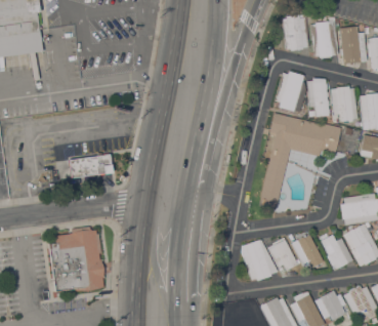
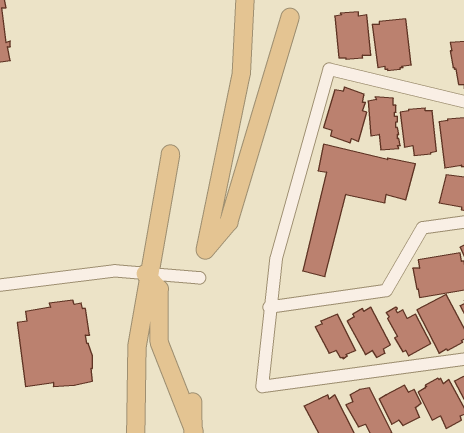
building: [339,26,367,64] -> none
building: [69,153,113,178] -> none
building: [242,240,278,281] -> none

